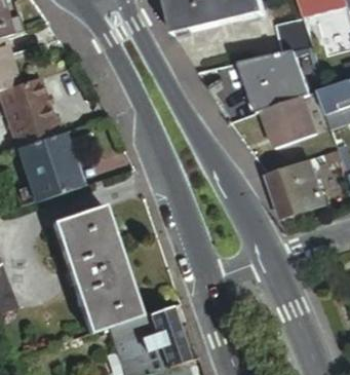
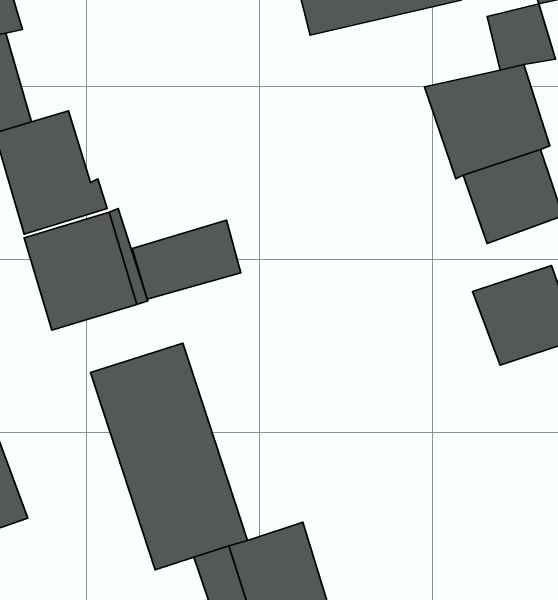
building: none -> [132,220,241,299]

